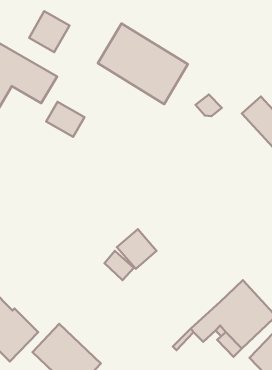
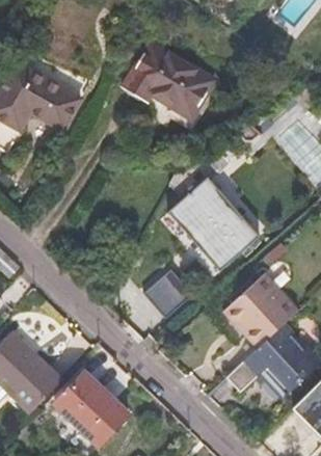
building: [29,11,69,52] -> none
building: [46,102,84,137] -> none
building: none -> [168,153,259,270]
building: none -> [225,273,298,346]

